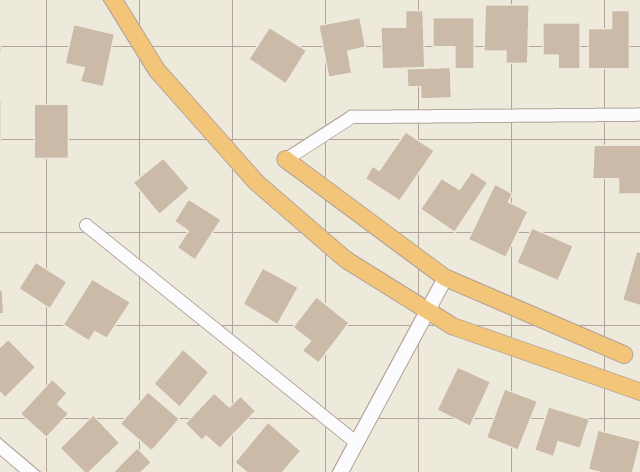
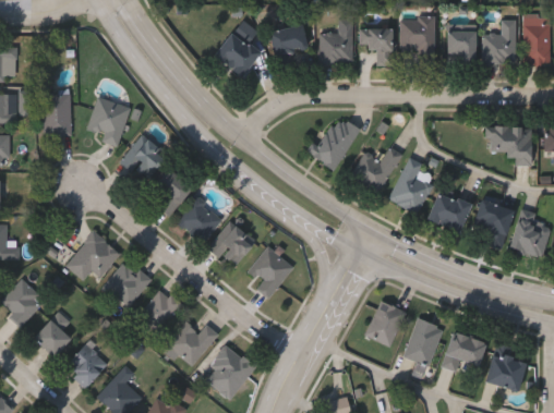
building: [65,25,115,87] -> [89,96,129,145]
building: [407,68,451,99] -> none
building: none -> [176,196,222,243]
building: none -> [471,198,514,248]
building: [19,262,67,309] -> none
building: [120,392,179,451] -> [104,260,150,307]

